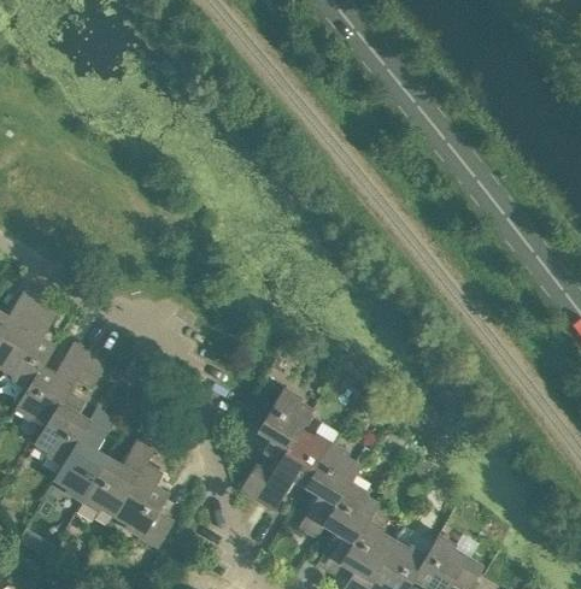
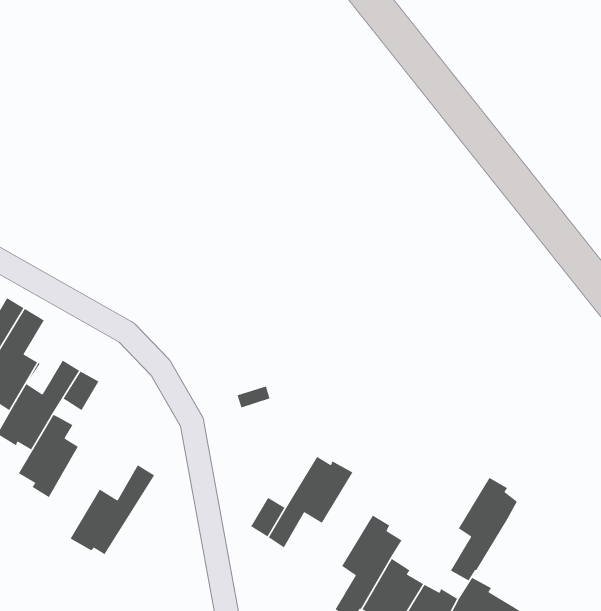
building: [257,387,311,463] -> none
building: [53,410,113,502] -> none
building: [298,443,358,536] -> [450,477,518,582]
building: [112,446,174,548] -> none

